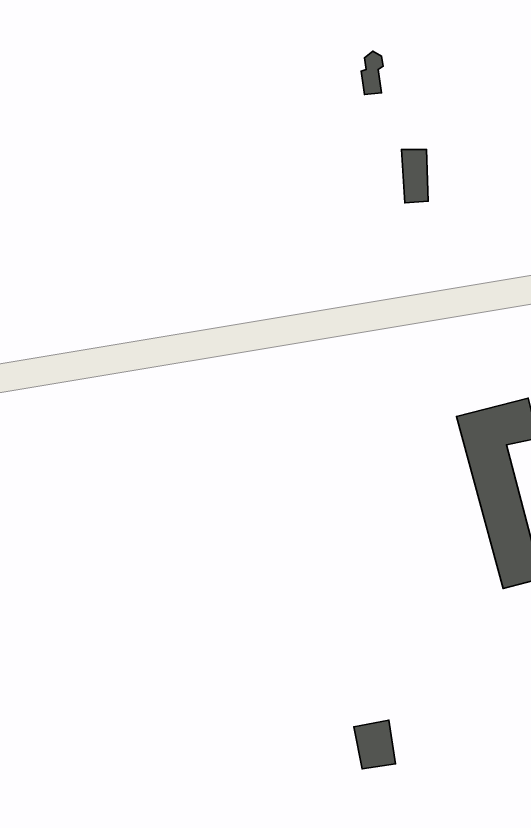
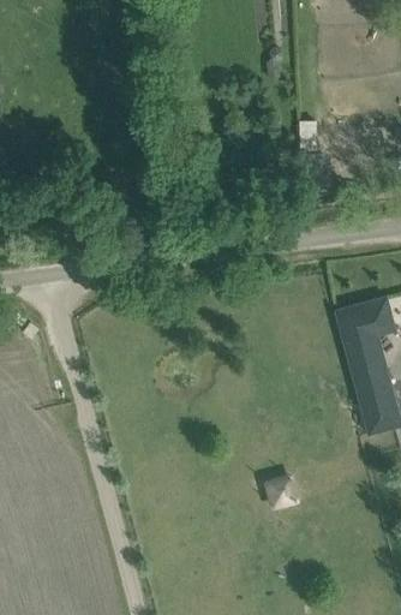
building: [354,720,396,769] -> [263,474,293,509]

